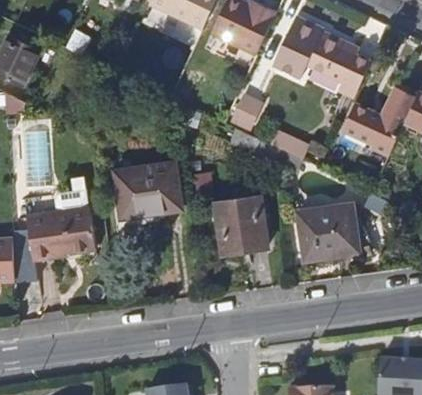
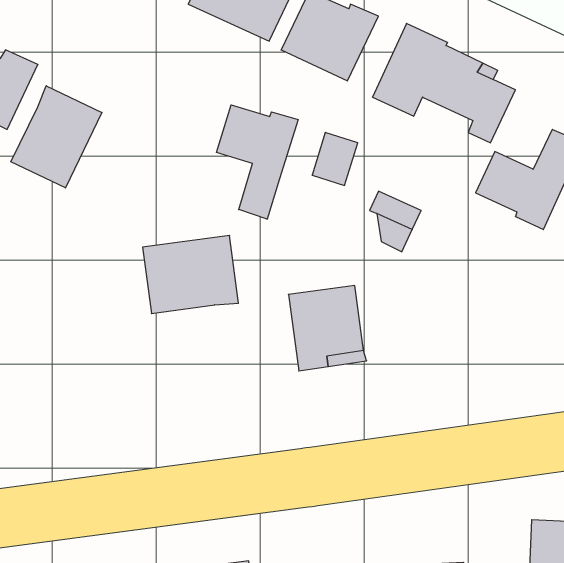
building: none -> [11,86,102,188]
building: none -> [217,105,298,219]
building: [298,201,358,258] -> none
building: [27,207,97,261] -> none

